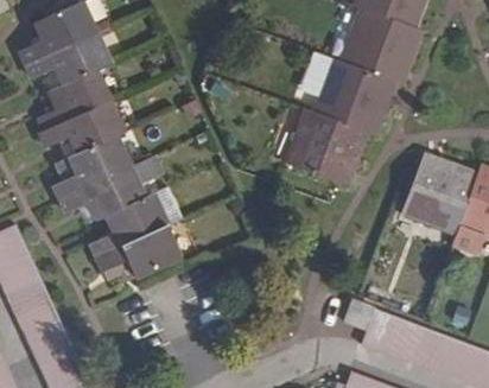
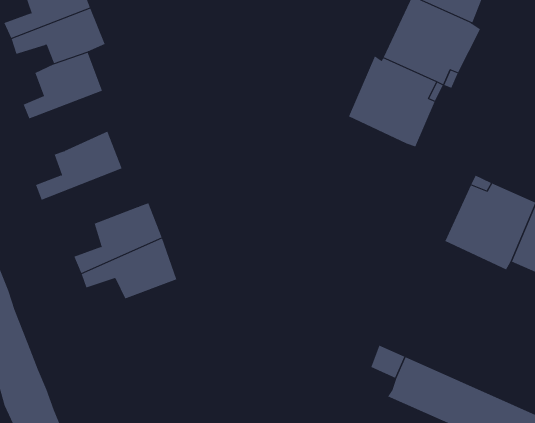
building: [43,102,122,154] -> none
building: [286,109,364,183] -> none
building: [62,166,144,217] -> none

